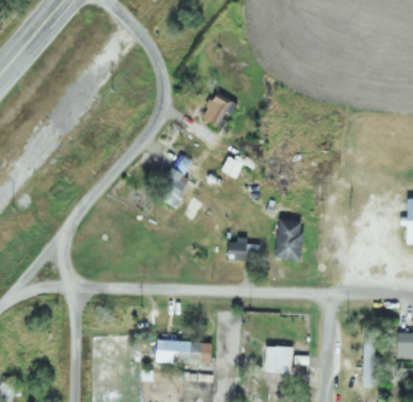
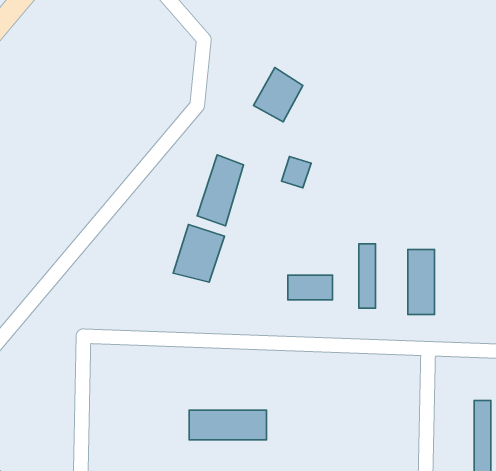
building: none -> [173,224,225,282]
building: none -> [408,250,435,314]
building: [264,346,289,373] -> none

